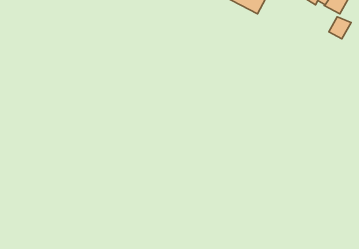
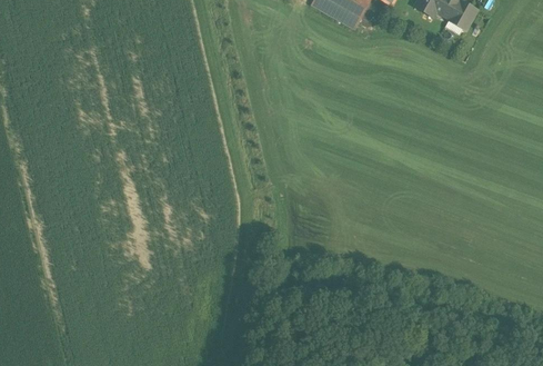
building: [329,17,351,39] -> none

